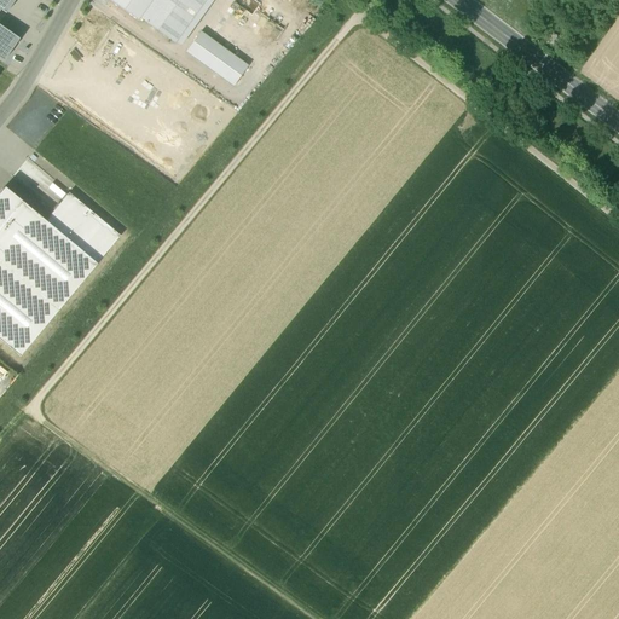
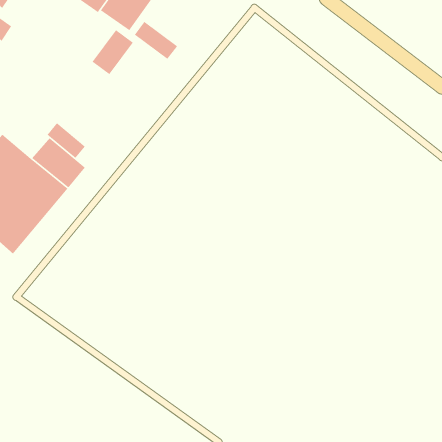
building: none -> [91,29,134,75]
building: none -> [47,122,86,159]

